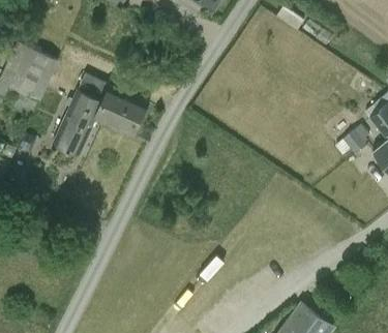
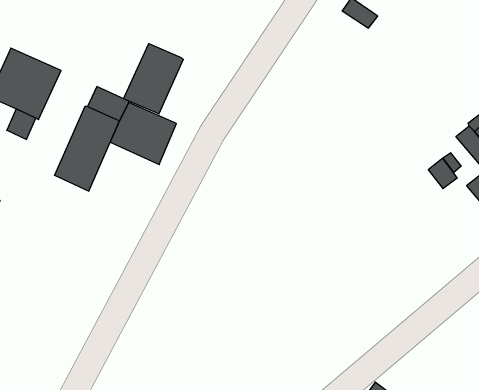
building: none -> [124,44,183,114]

